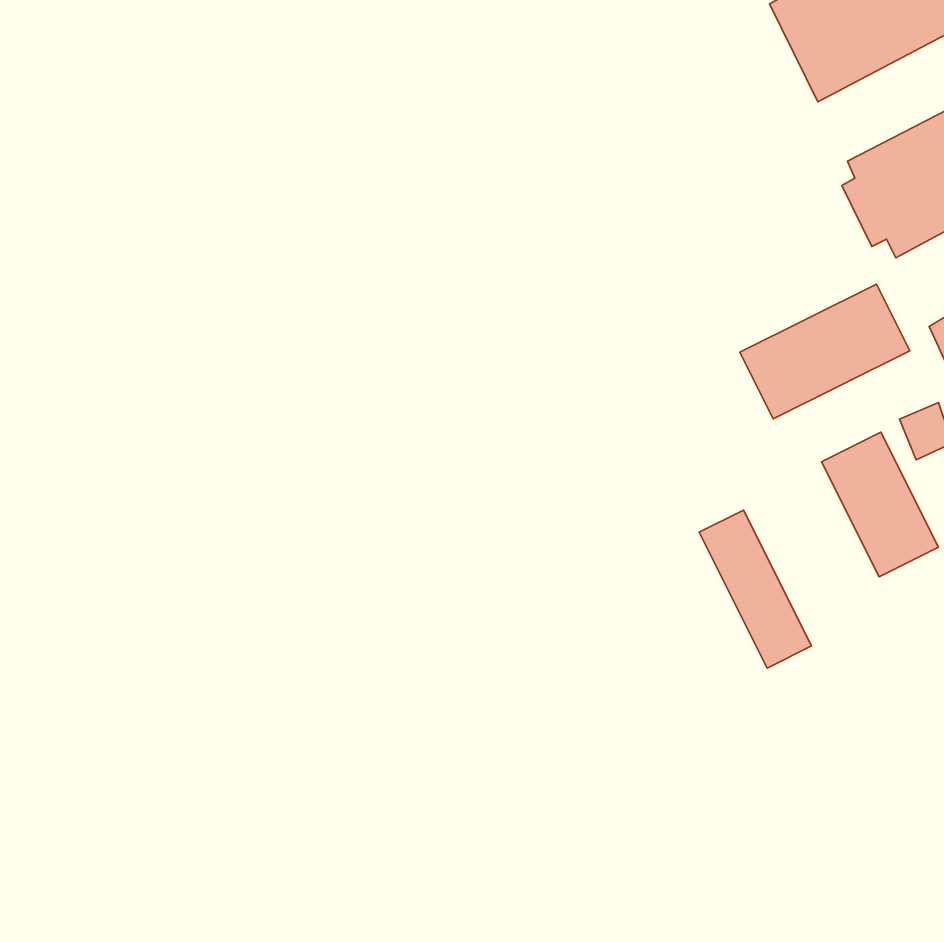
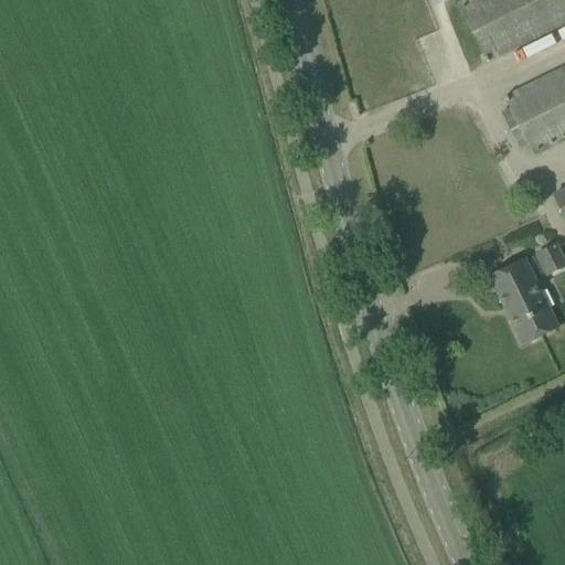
building: [740,284,910,419] -> none
building: [699,510,812,668] -> none

